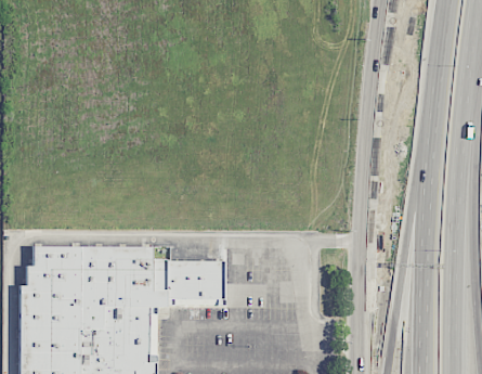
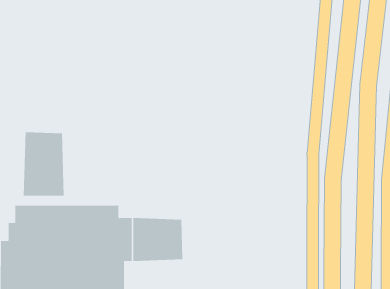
building: none -> [23,131,64,197]

